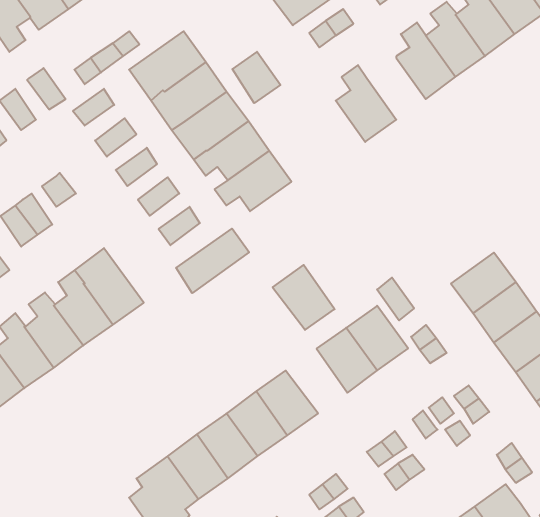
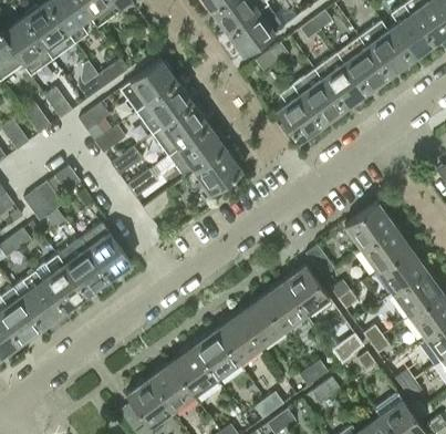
building: none -> [299,70,343,126]
building: [232,52,280,103] -> none
building: none -> [345,203,394,249]
building: [176,229,249,293] -> none
building: [273,265,335,330] -> [238,298,284,347]

